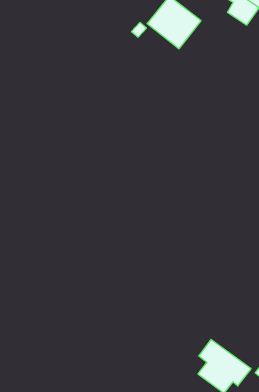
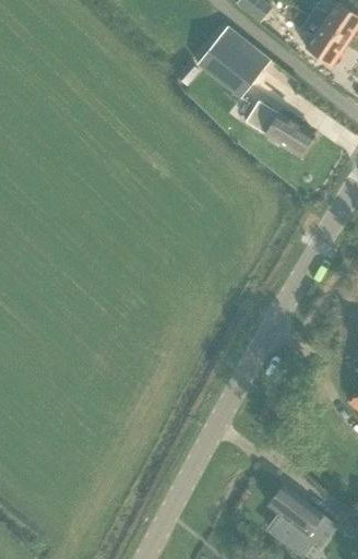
building: none -> [247,100,314,155]

